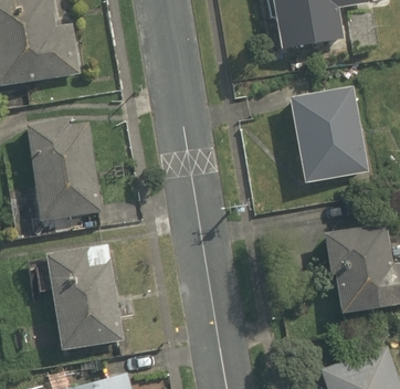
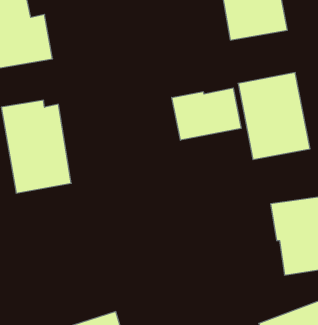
building: none -> [172,88,241,140]
building: [45,242,123,351] -> none

